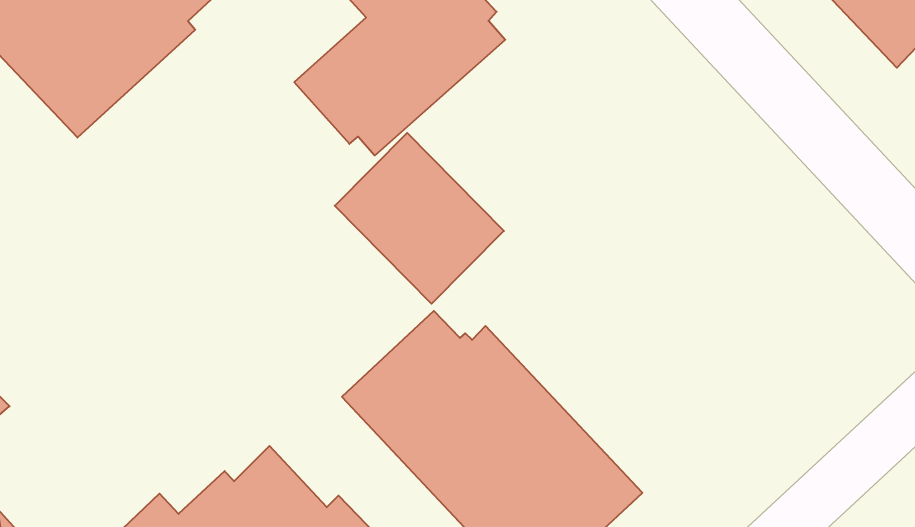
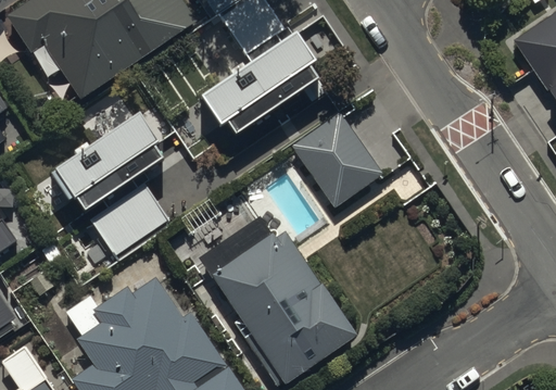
building: none -> [53,101,160,199]
building: [335,133,504,304] -> [294,119,386,216]
building: none -> [92,179,170,253]

